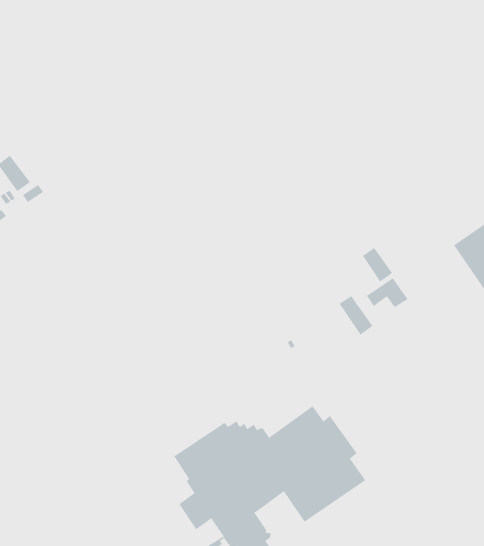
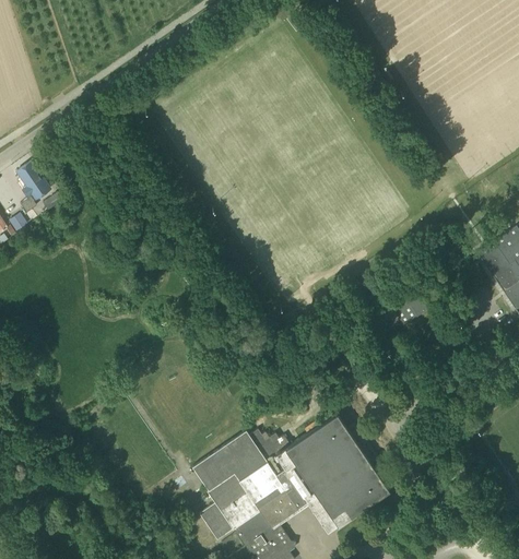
building: [362,247,393,282] -> none
building: [339,295,373,336] -> none

